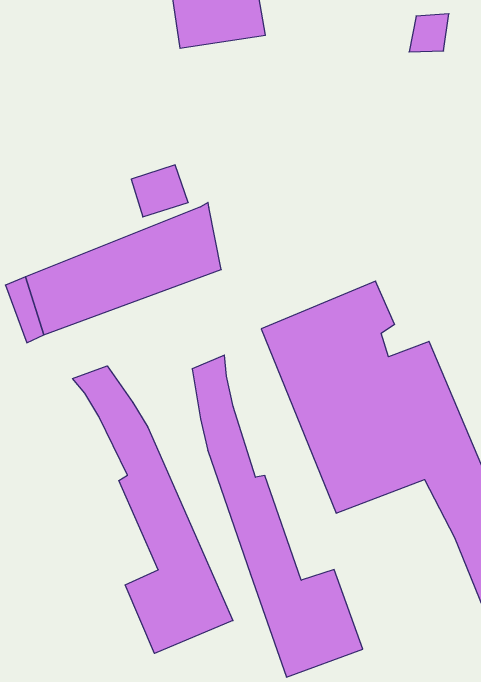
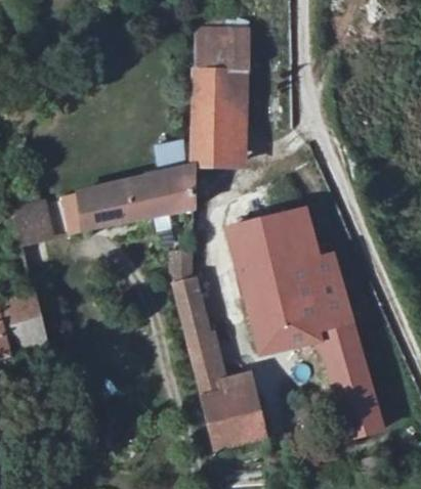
building: none -> [205,56,263,158]
building: [73,366,233,653] -> none

